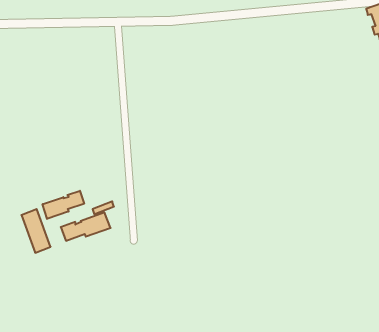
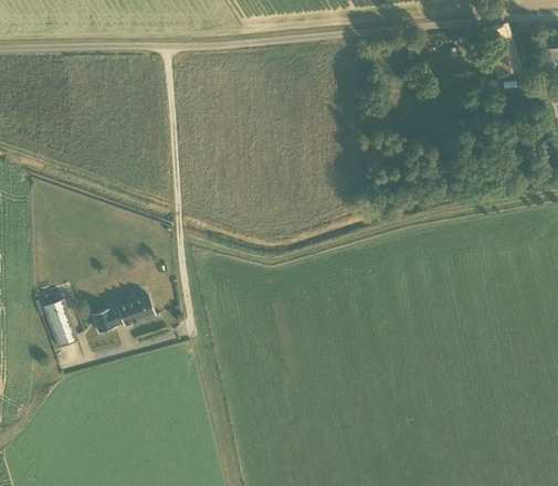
building: [43,191,84,219] -> none

